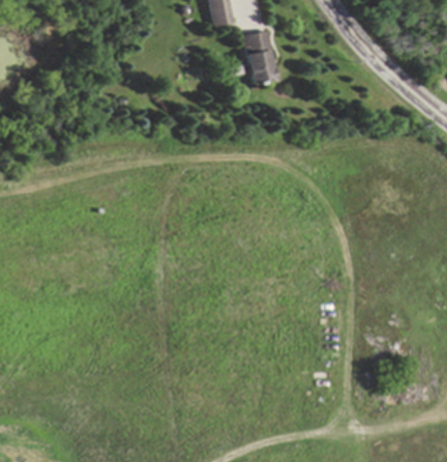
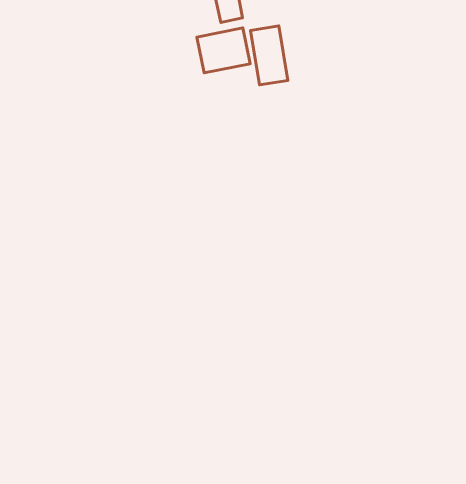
building: none -> [197,28,250,73]

